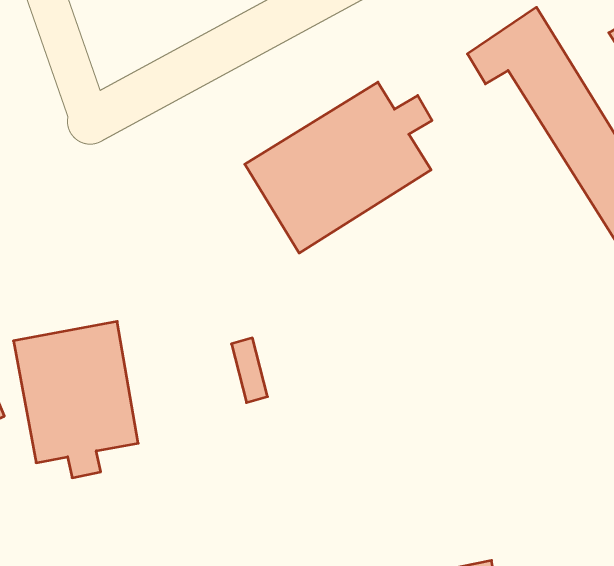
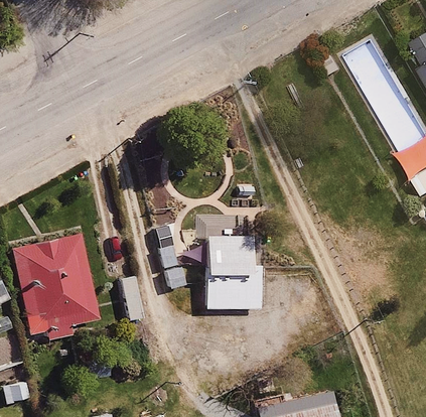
building: [245,82,432,253] -> none
building: none -> [203,236,260,308]

